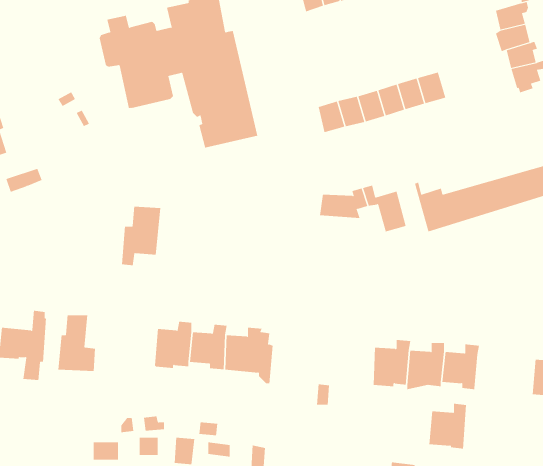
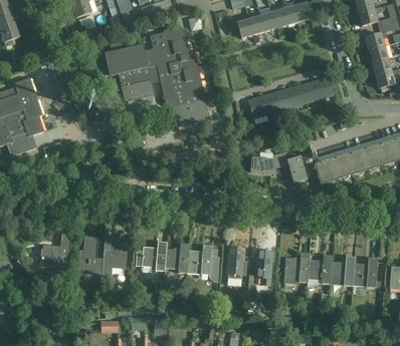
building: [121,206,161,266] -> [102,237,128,276]
building: none -> [227,247,244,279]
building: none -> [254,250,272,286]
building: [429,403,467,449] -> [352,258,377,288]

